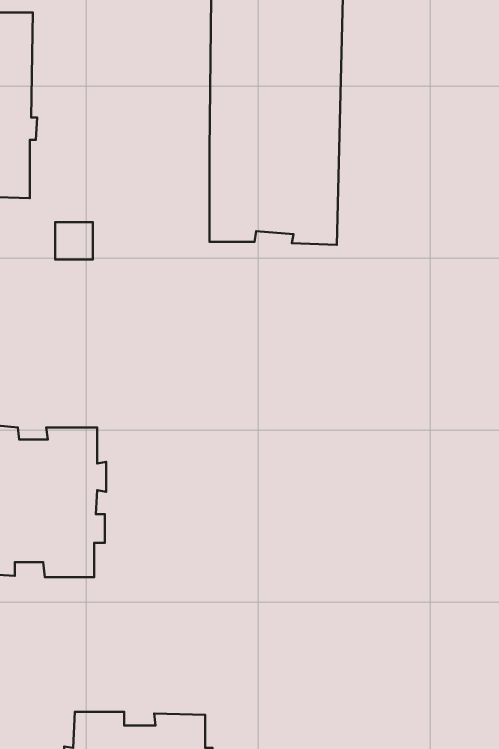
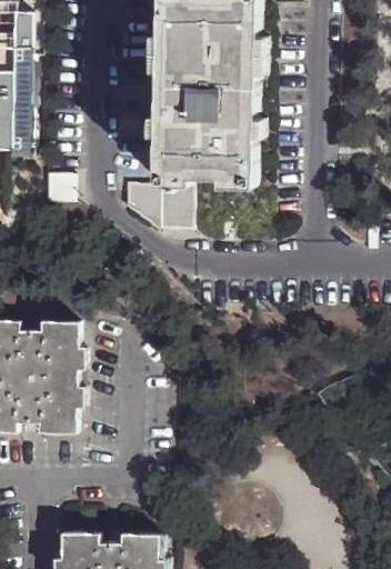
building: none -> [128,183,196,228]

